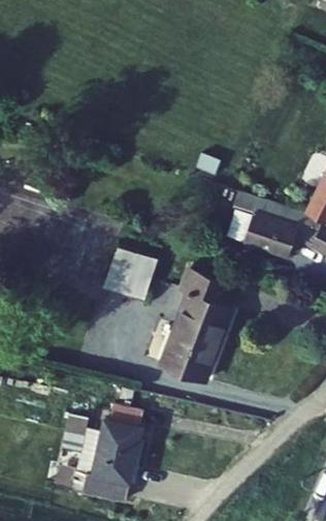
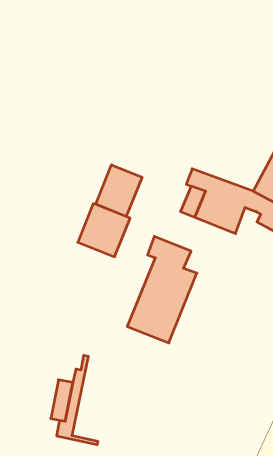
building: none -> [96,165,142,217]
building: [98,402,140,493] -> none

